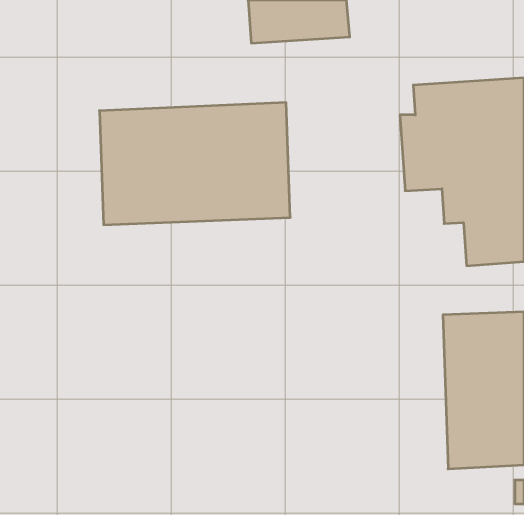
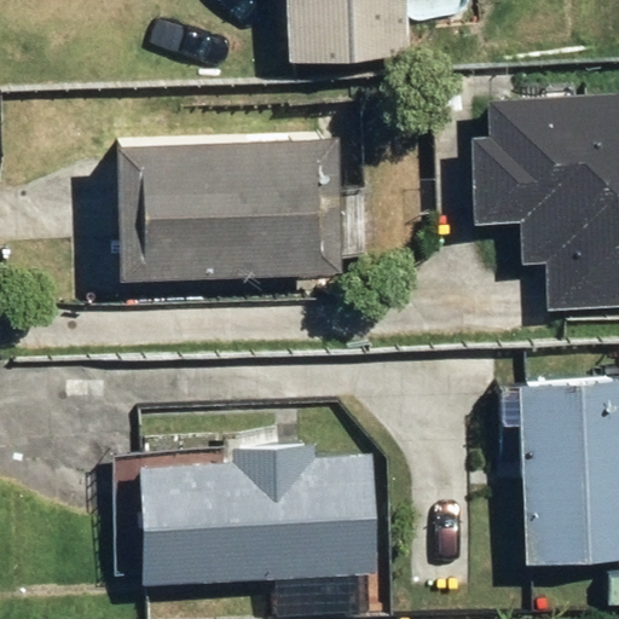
building: none -> [137,441,377,585]

